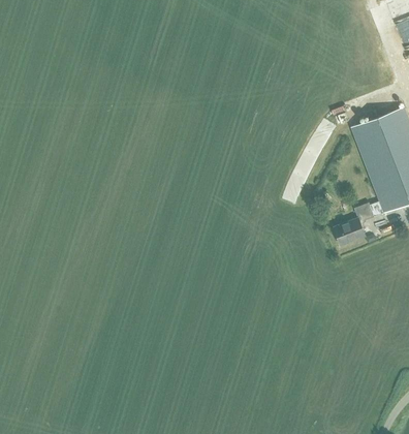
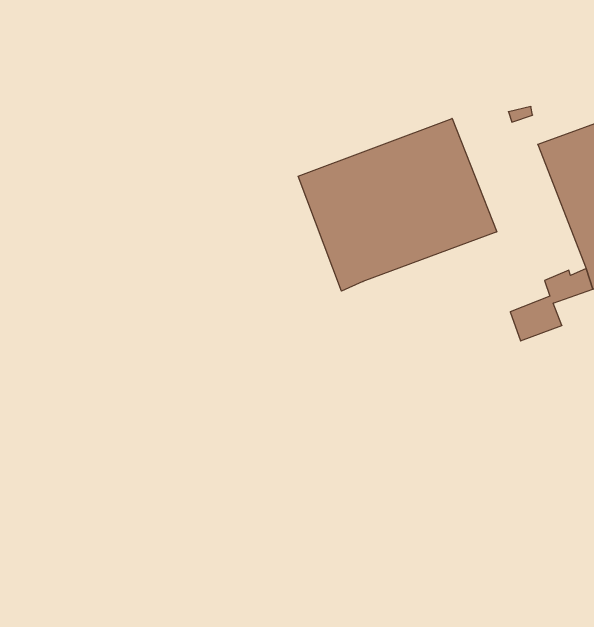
building: none -> [298,118,497,291]

